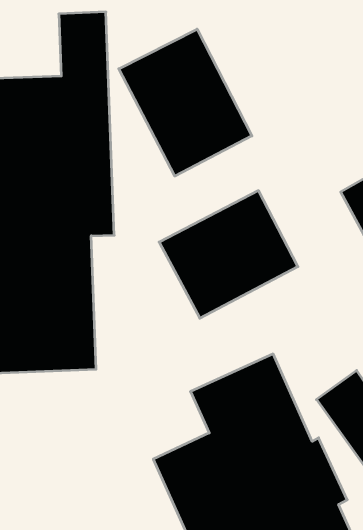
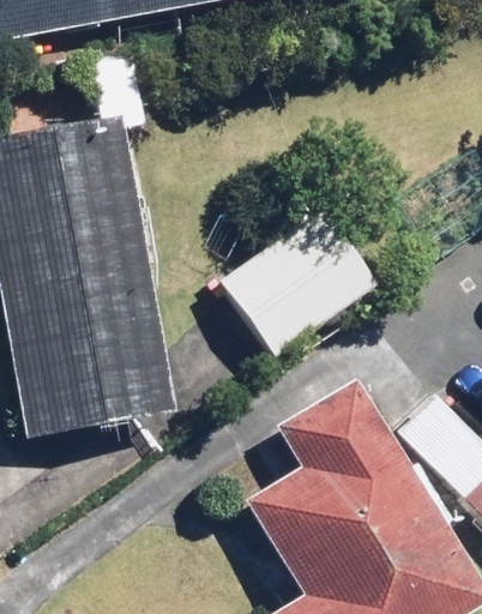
building: [119,29,252,176] -> none

